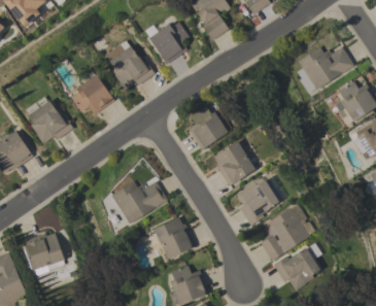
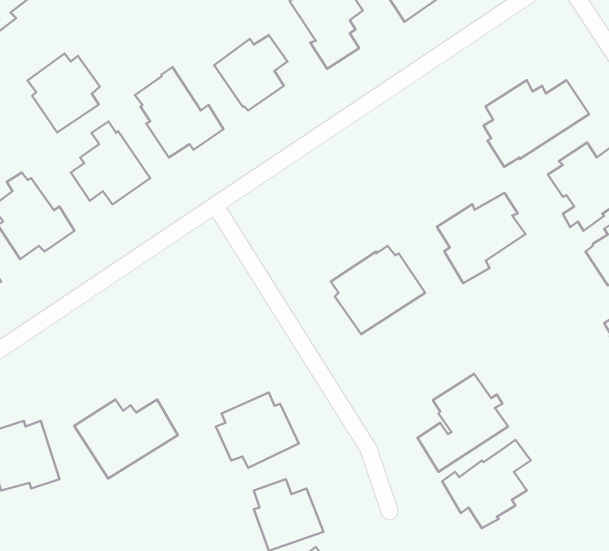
building: none -> [27,53,100,132]
building: [189,106,229,149] -> none
building: [236,176,284,226] -> [437,193,525,283]
building: [111,180,168,224] -> [74,399,178,479]

